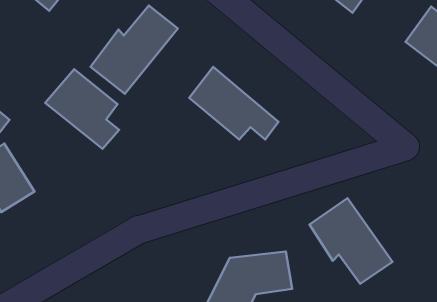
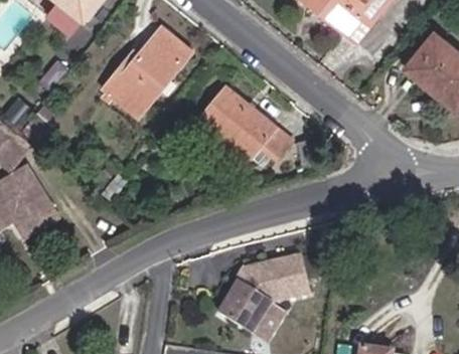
building: [45,69,119,149] -> none
building: [309,198,393,284] -> none

